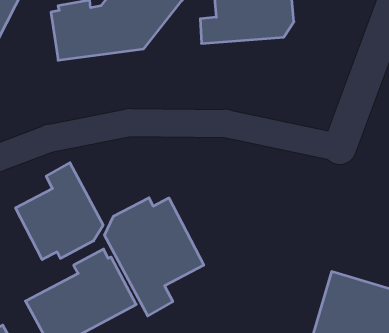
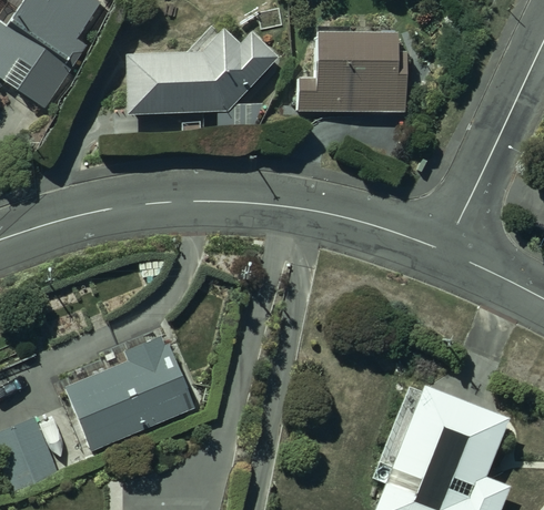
building: [16,163,103,260] -> none
building: [105,198,204,316] -> none

